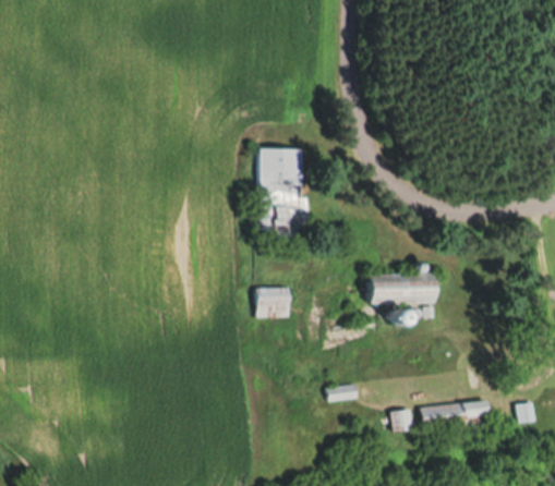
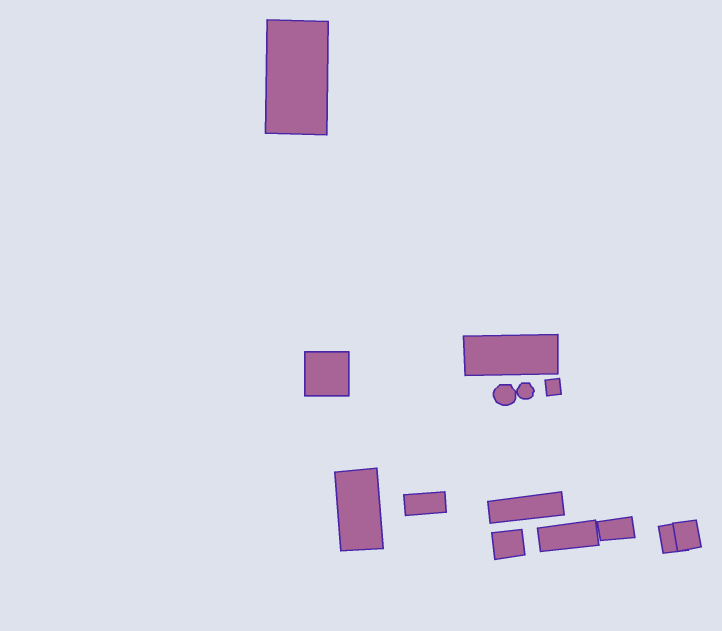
building: [260,148,303,228] -> [265,20,328,135]
building: none -> [335,468,383,551]
building: none -> [488,492,564,523]

